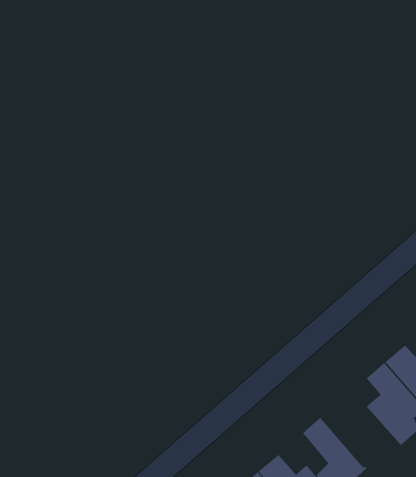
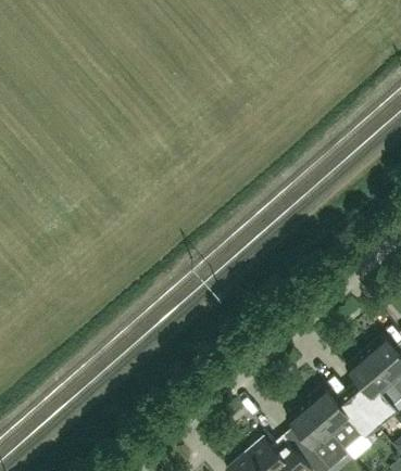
building: none -> [304,386,379,449]

